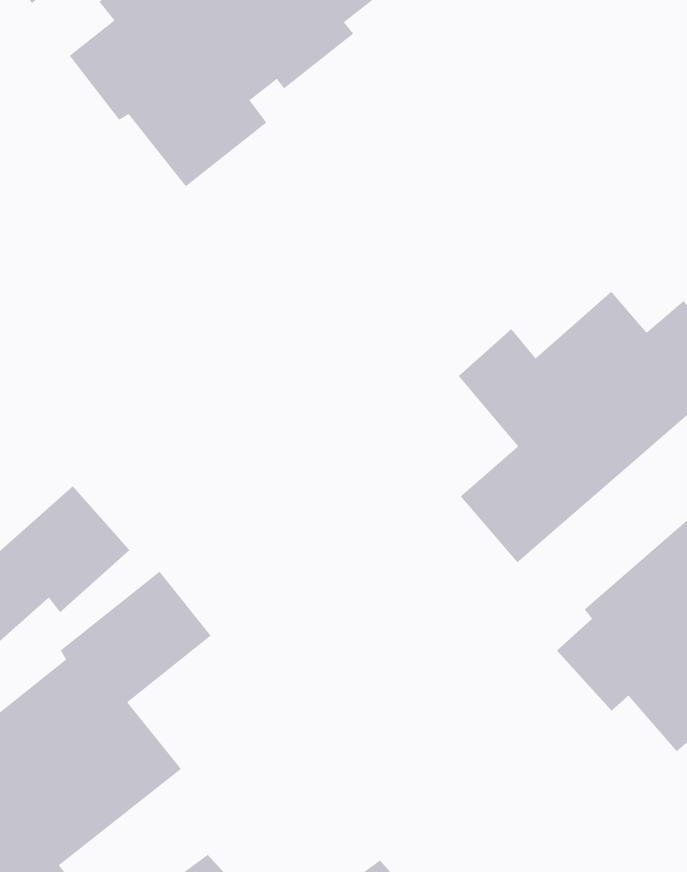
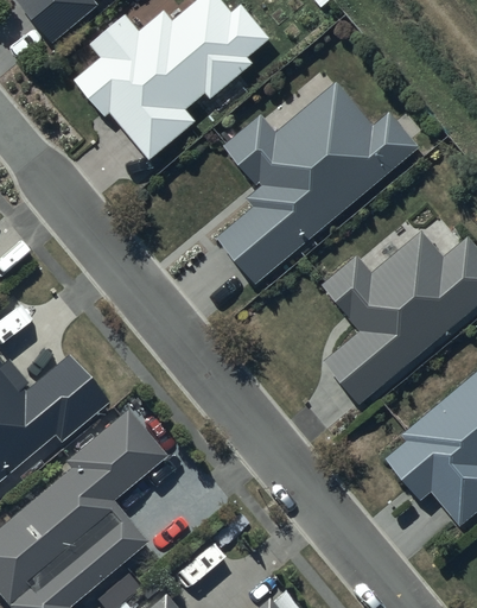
building: none -> [221,81,422,283]

